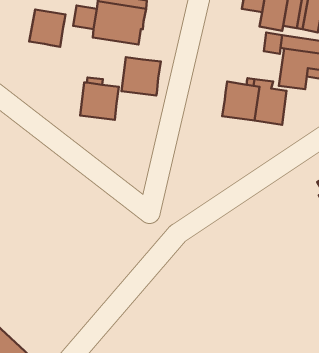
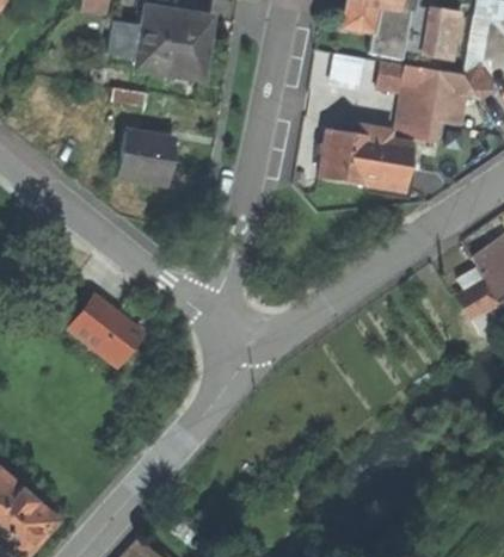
building: [29,10,65,47] -> none
building: [121,57,161,95] -> none
building: none -> [55,285,140,366]

